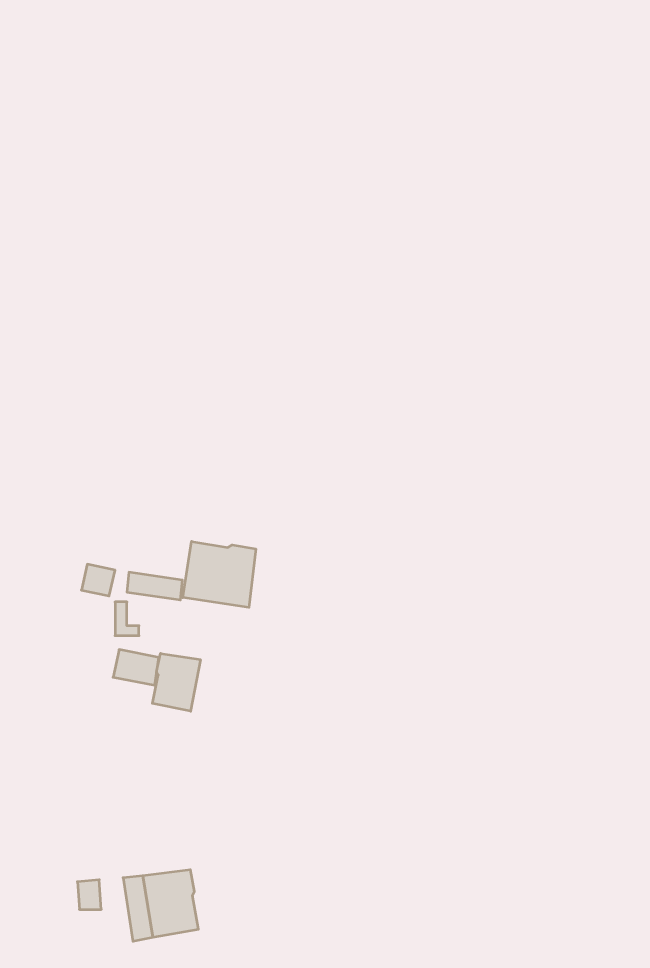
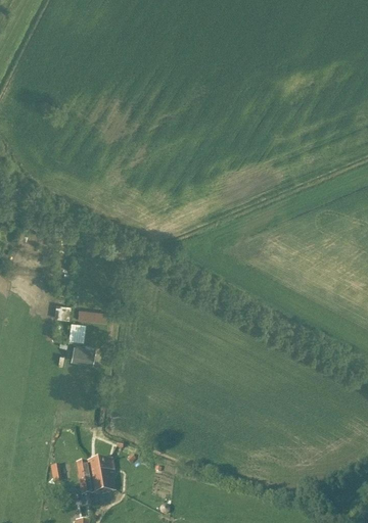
building: [183,541,256,607] -> none
building: [152,653,200,711] -> none

